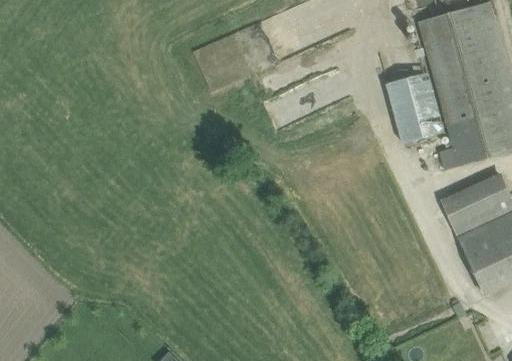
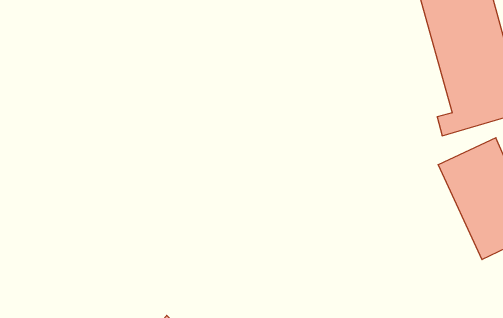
building: [386,71,444,142] -> none

